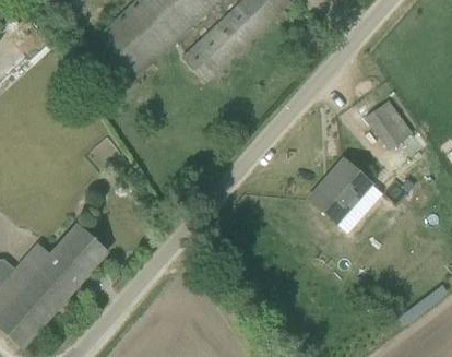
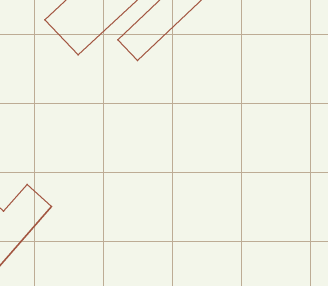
building: [365,100,411,151] -> none
building: [308,159,370,224] -> none

